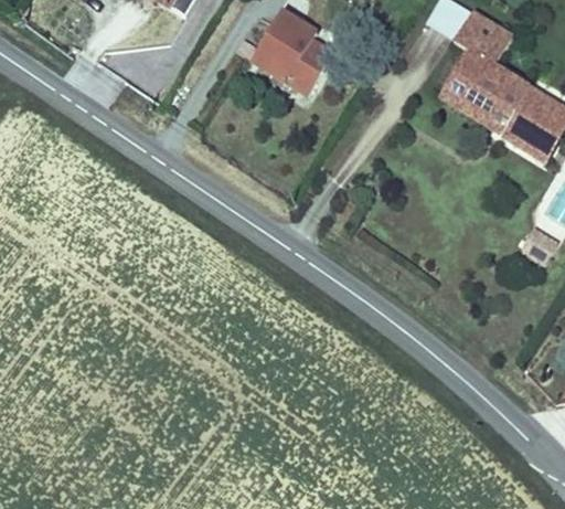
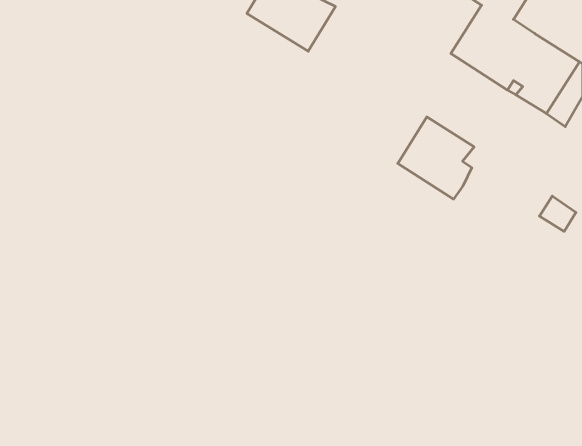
building: none -> [398,117,474,199]

